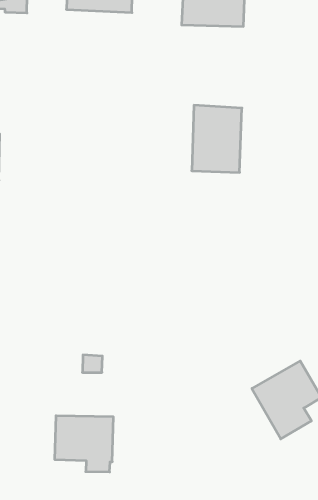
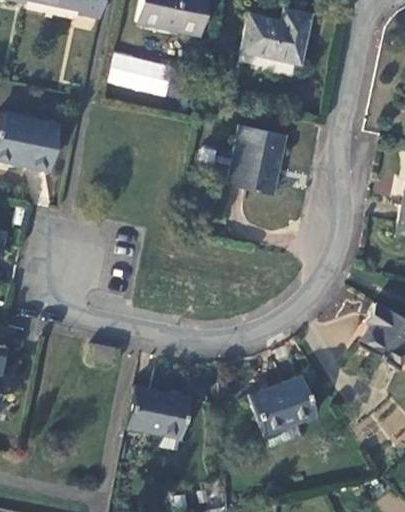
building: none -> [110,56,173,94]
building: [55,416,113,472] -> [129,387,190,447]

